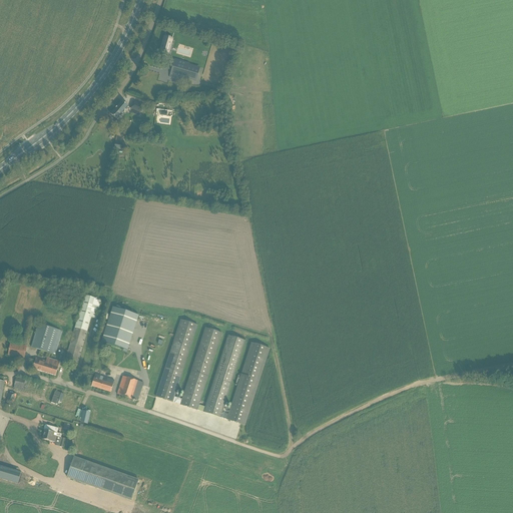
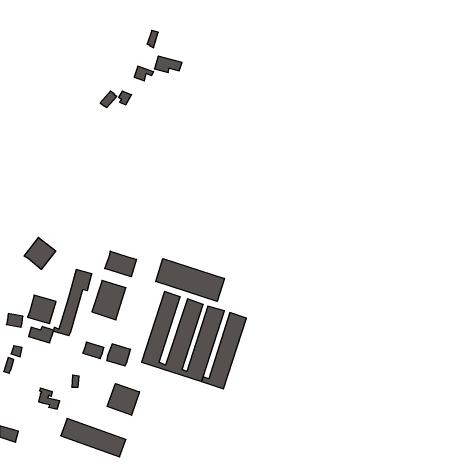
building: none -> [24,237,56,269]
building: none -> [105,251,137,277]
building: none -> [156,259,224,301]
building: none -> [107,384,139,415]

